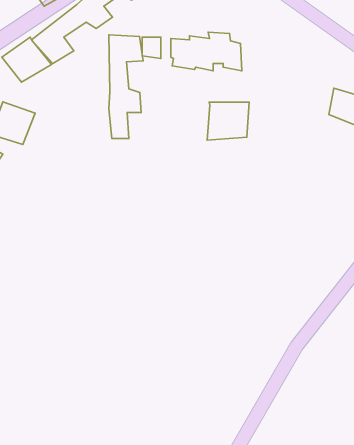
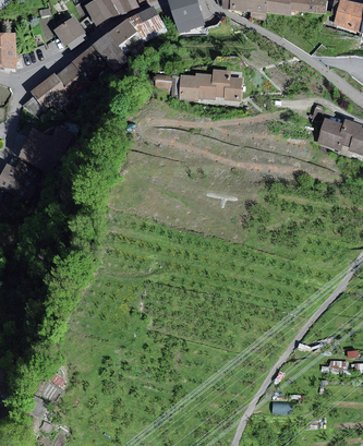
building: [109,35,143,139] -> none
building: [207,102,249,140] -> none

